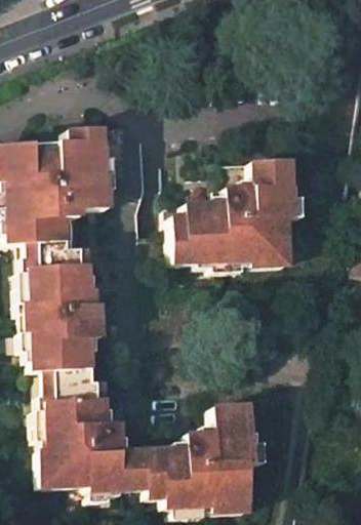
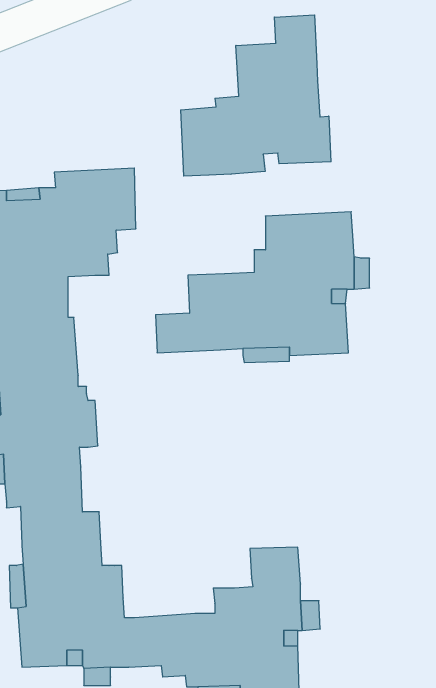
building: none -> [181,15,331,176]

